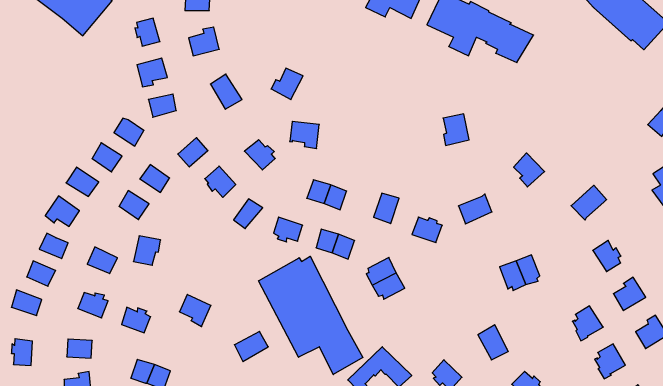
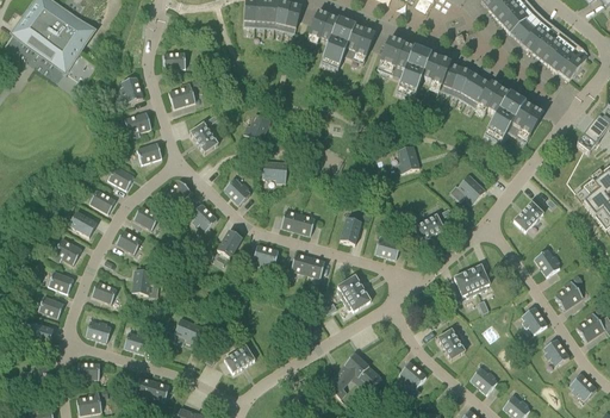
building: none -> [458,71,543,142]
building: [259,256,363,375] -> none

